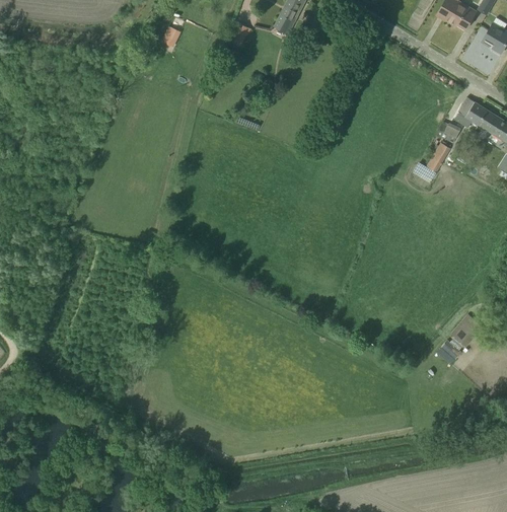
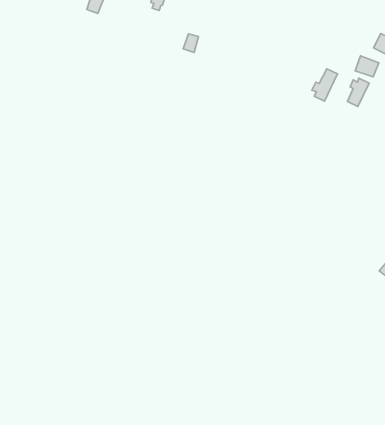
building: none -> [312,69,337,101]

